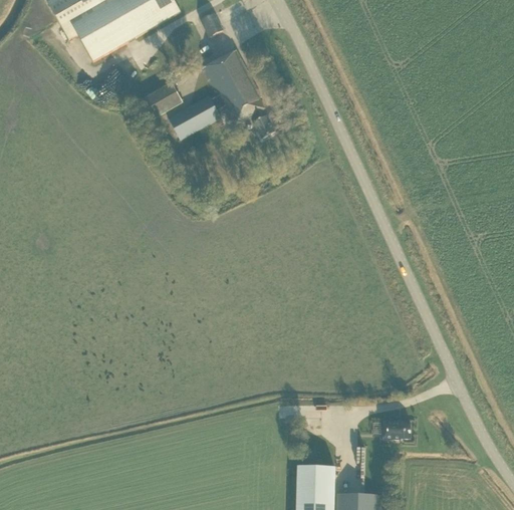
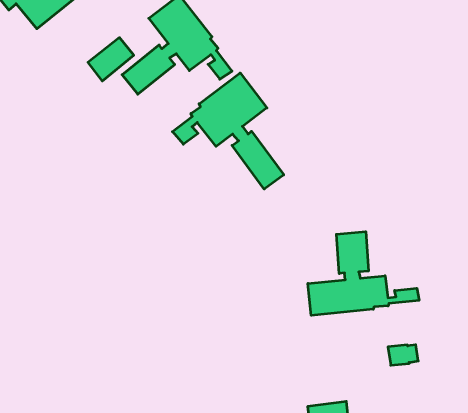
building: none -> [172,73,284,189]
building: none -> [308,232,419,315]

